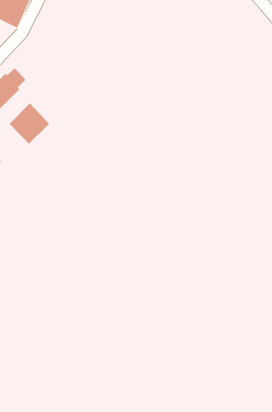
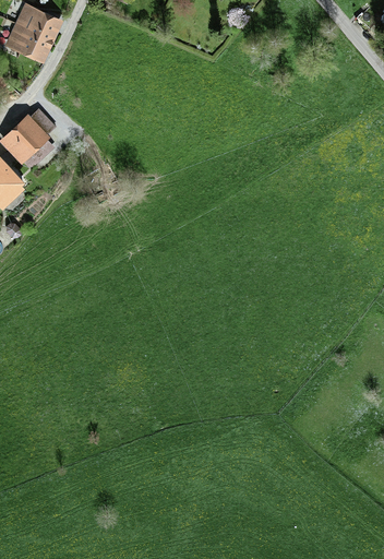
building: [9,103,50,144] -> none

